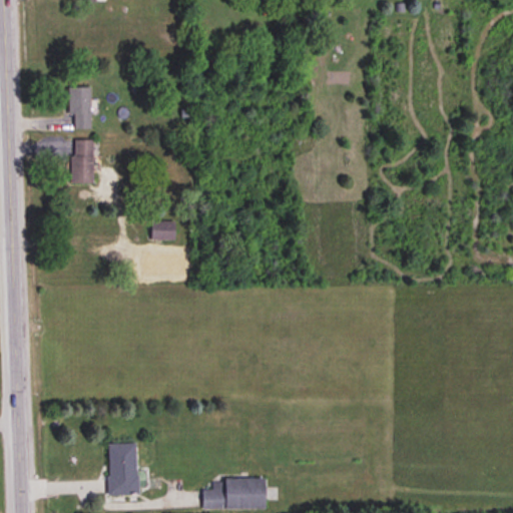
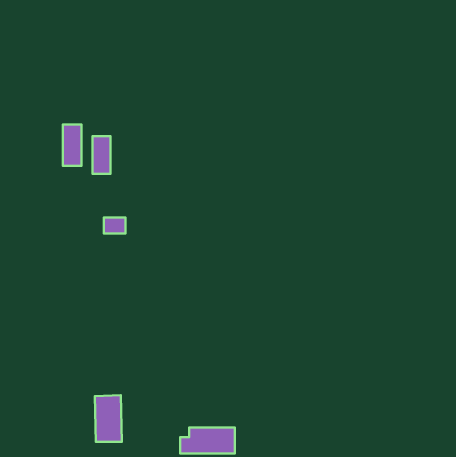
building: [71,86,91,128] -> [92,136,110,174]
building: [151,221,175,239] -> [104,218,125,234]

